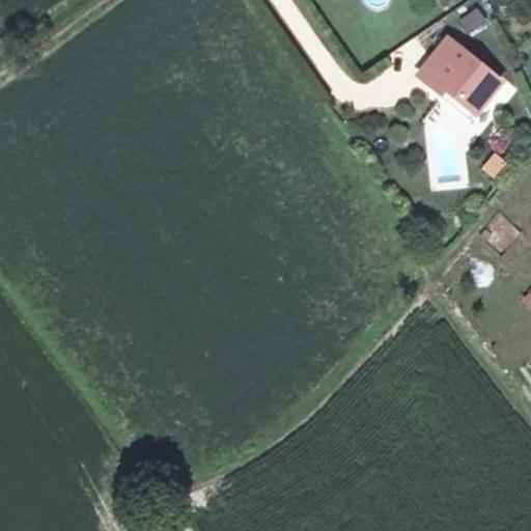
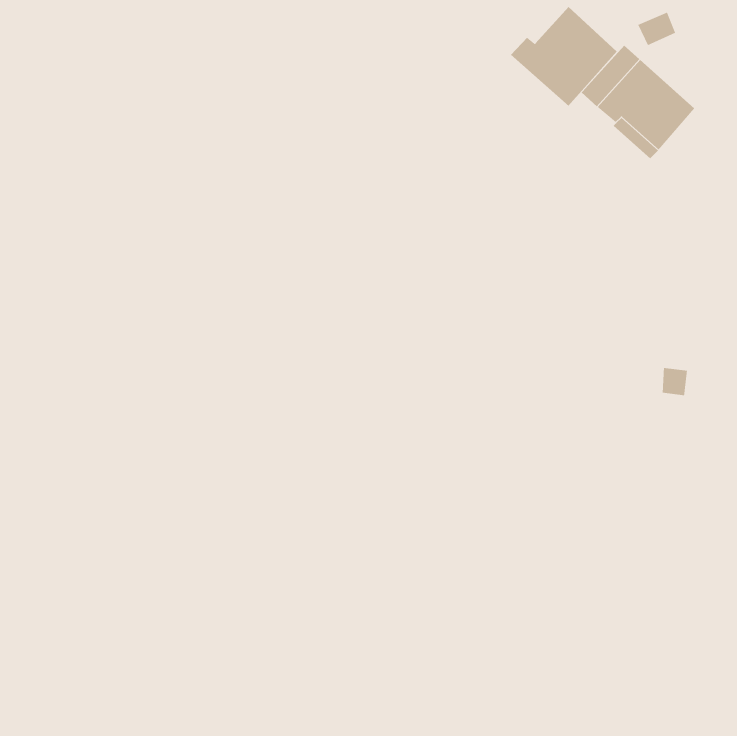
building: none -> [510,6,618,106]

